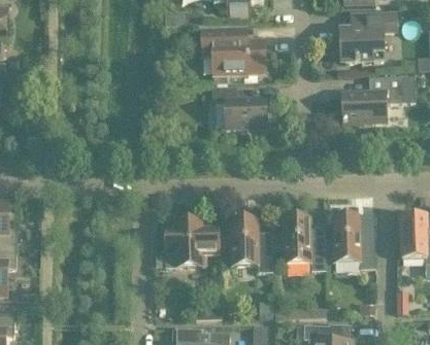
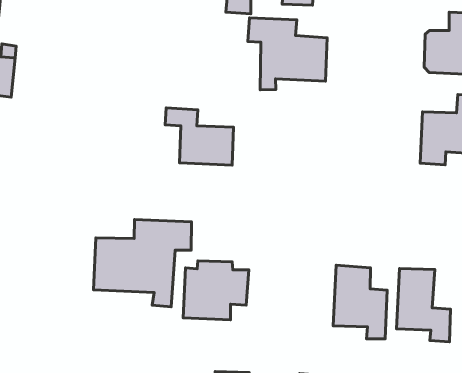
building: [211,87,266,129] -> [165,108,234,165]
building: none -> [94,219,192,307]
building: [230,217,272,273] -> none

